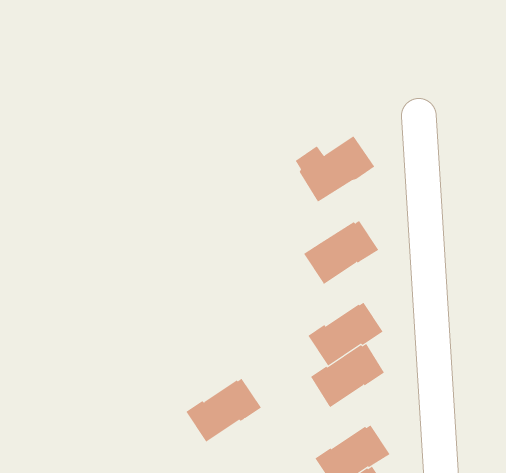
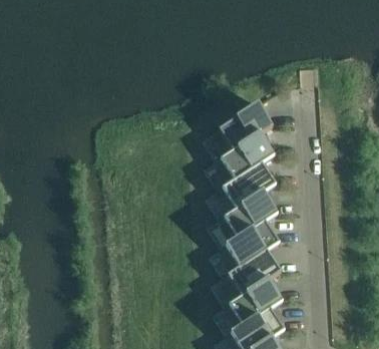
building: none -> [218,132,272,178]
building: none -> [221,191,275,237]
building: [186,378,262,443] -> [226,278,280,324]

